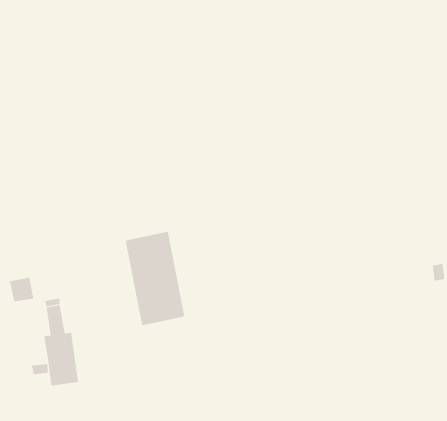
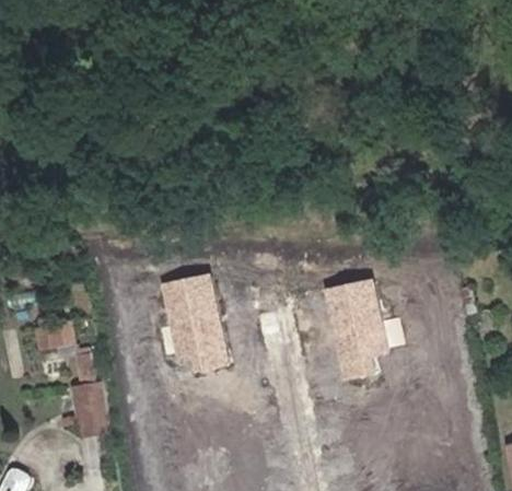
building: none -> [323,280,385,379]

